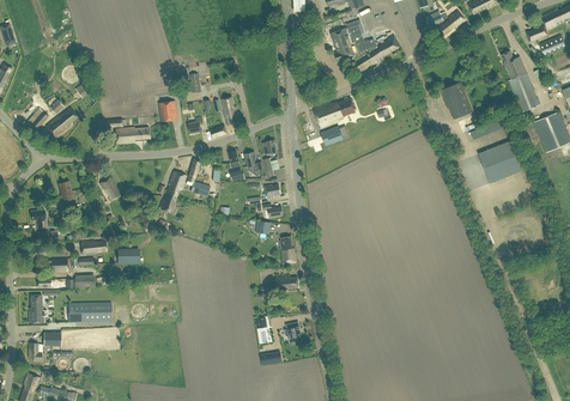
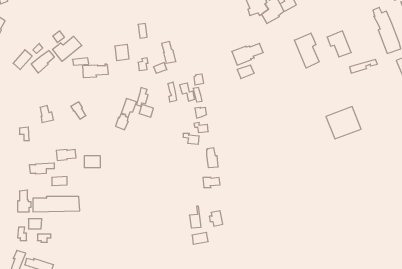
building: none -> [294,33,319,68]
building: none -> [53,36,82,61]
building: [478,140,524,183] -> [326,107,361,139]

